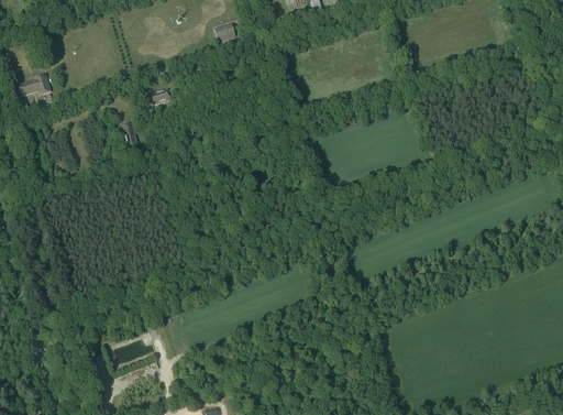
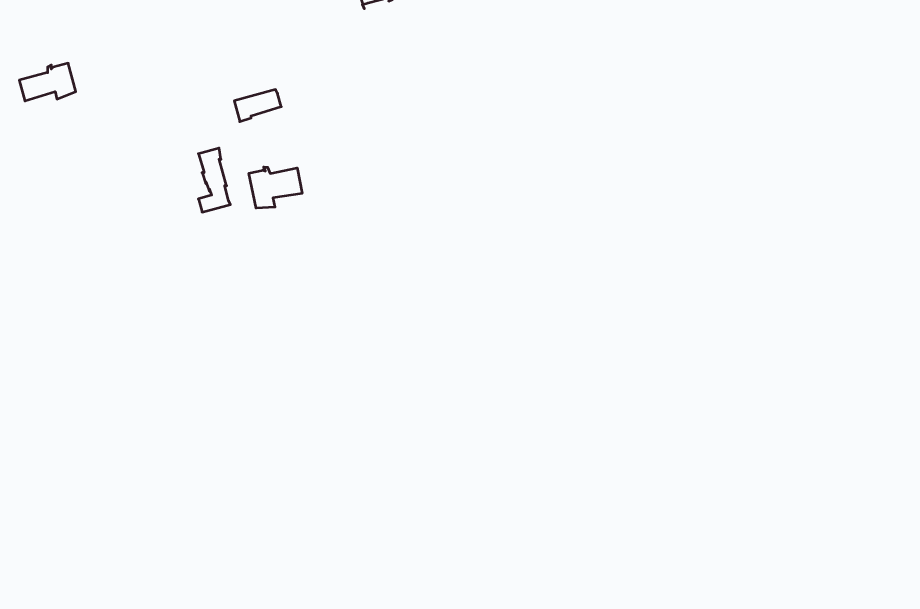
building: none -> [249,167,302,208]

